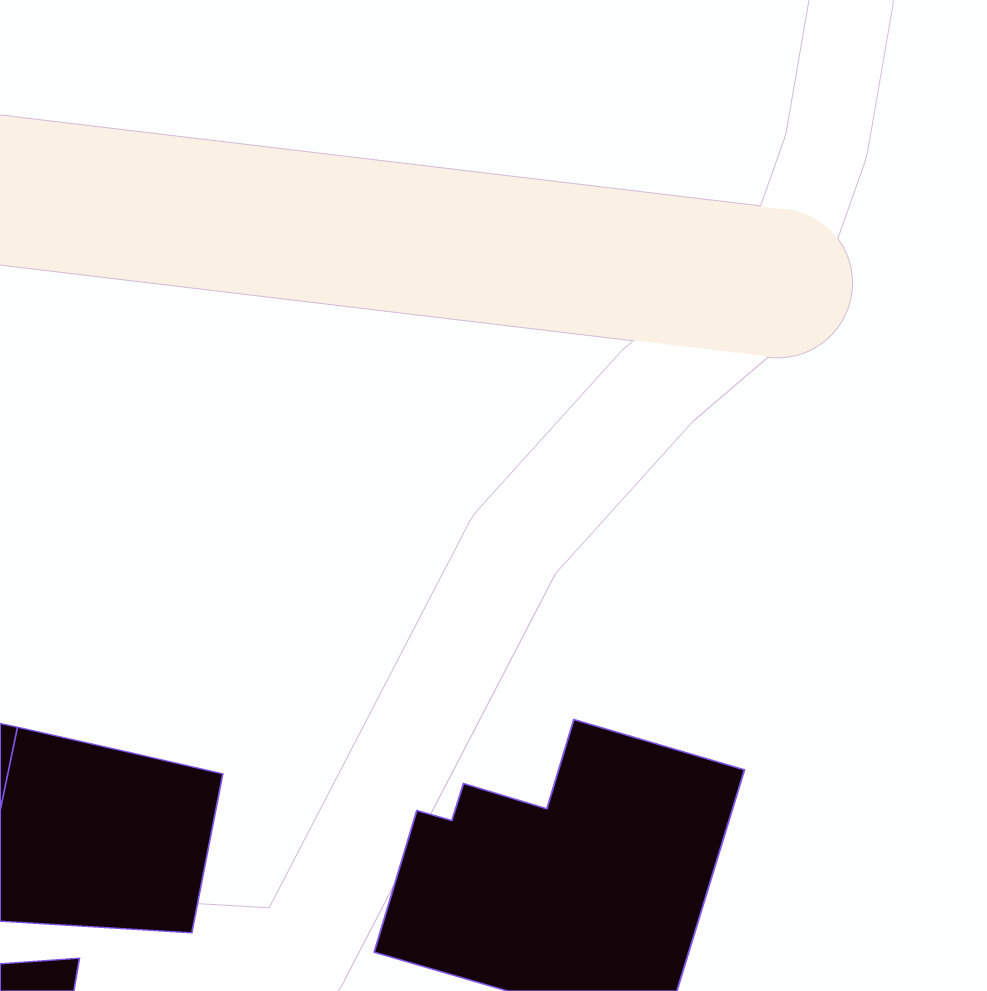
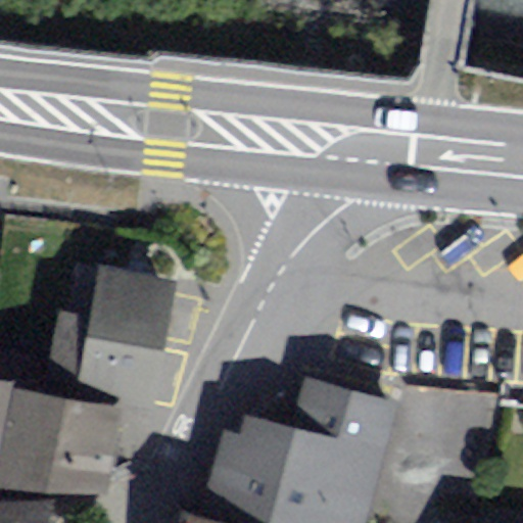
building: none -> [70,268,173,413]

